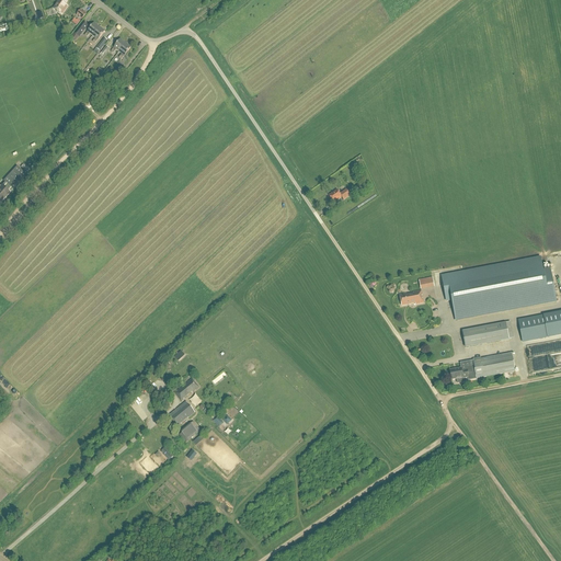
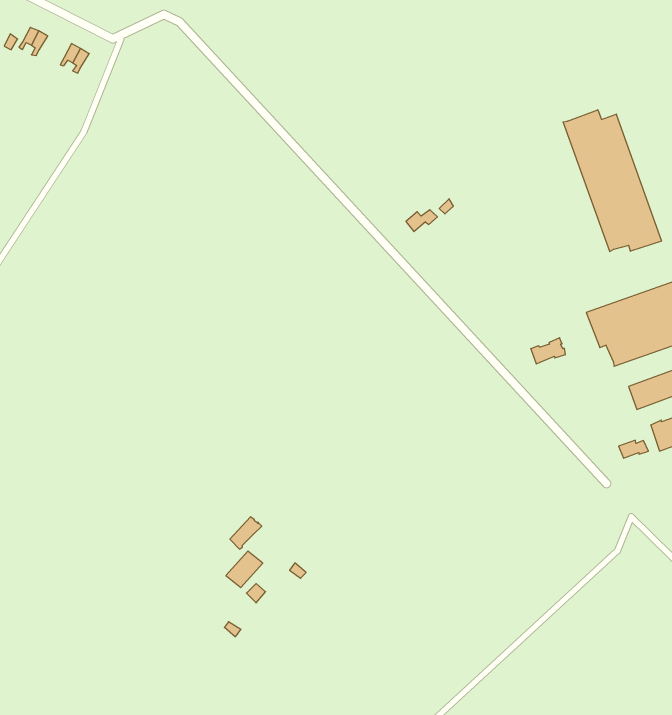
building: none -> [563,110,661,252]

